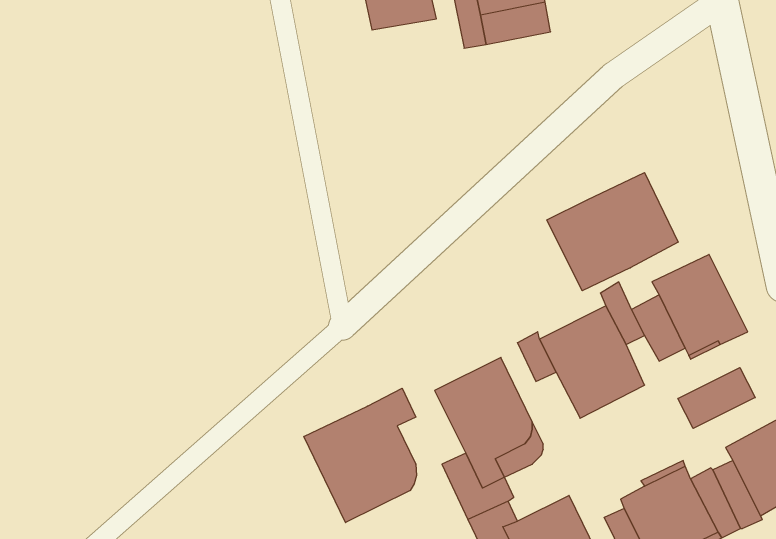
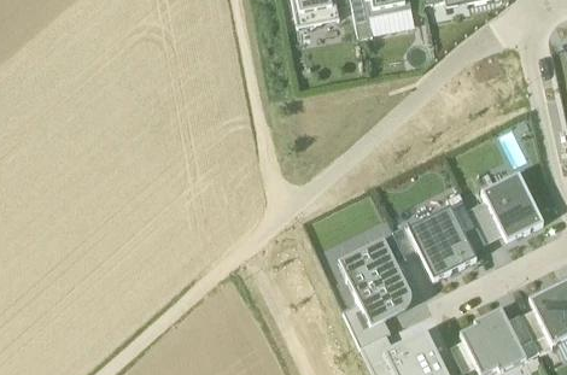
building: [547,173,678,291] -> none
building: [678,368,755,428] -> none
building: [304,388,417,523] -> none

